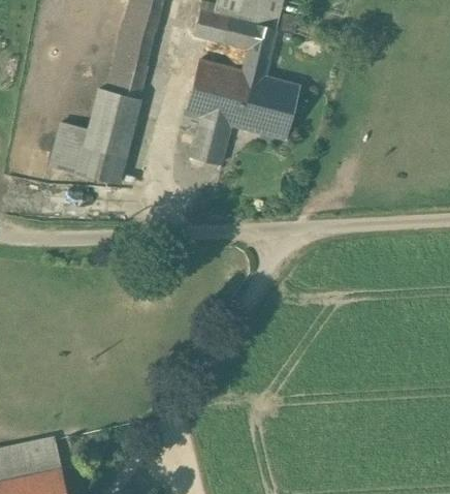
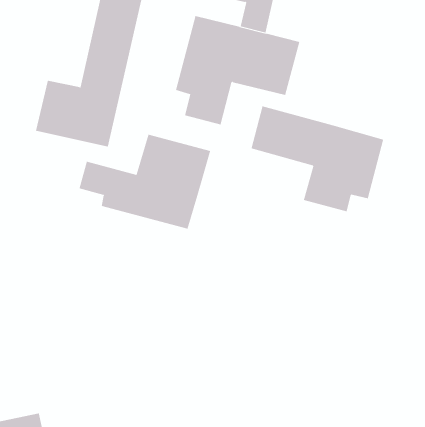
building: none -> [251,106,384,212]
building: none -> [79,134,211,230]

